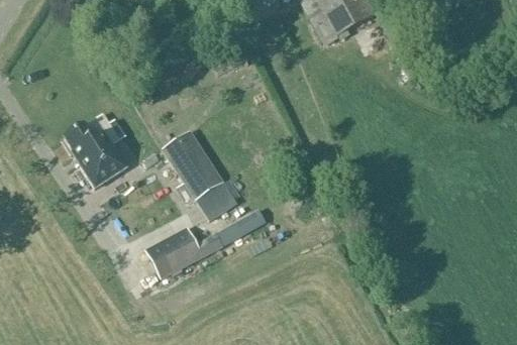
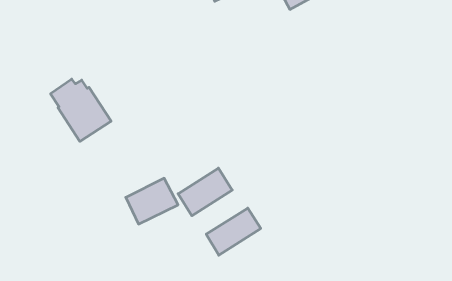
building: [162,128,236,218] -> none
building: none -> [206,208,261,255]

